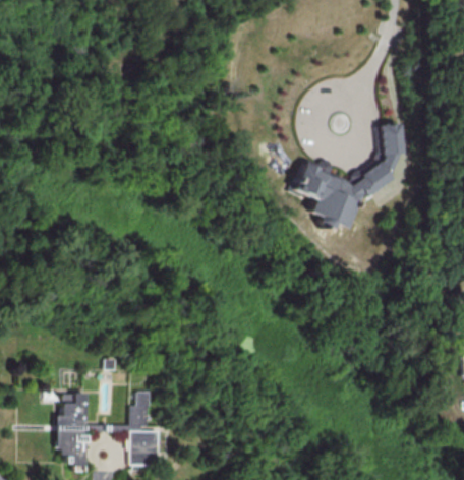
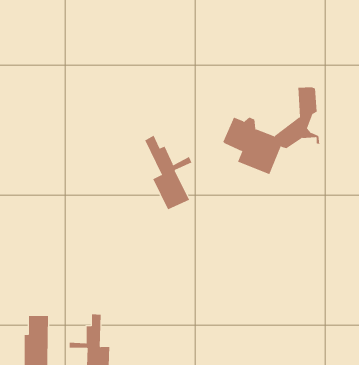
building: none -> [145,135,192,210]

